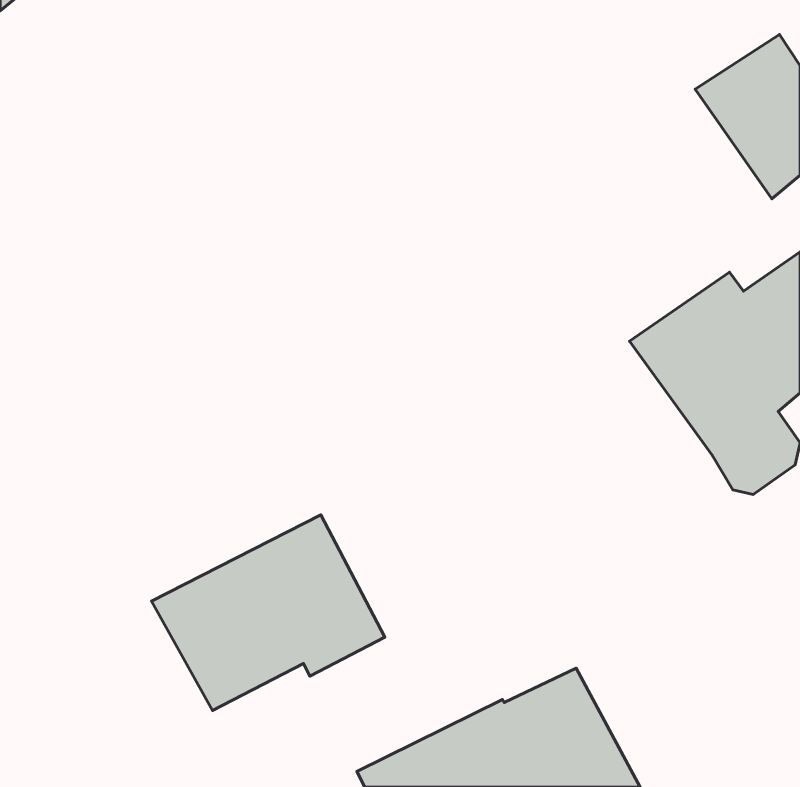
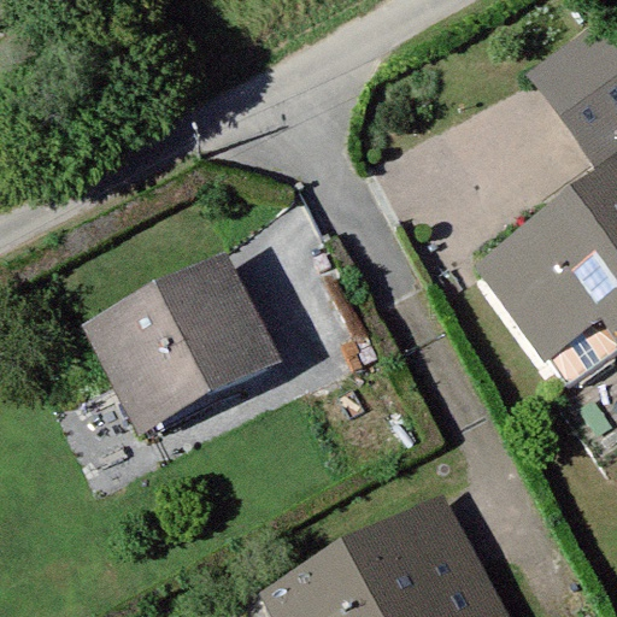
building: [152,515,385,711] -> [93,265,272,416]

